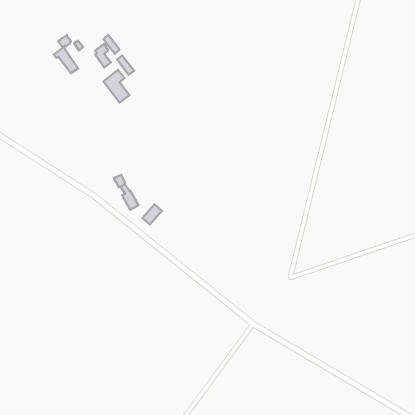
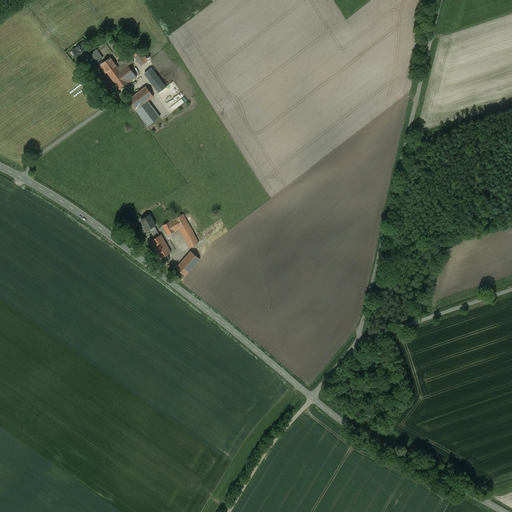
building: [54,47,78,73] -> [98,58,128,90]
building: none -> [162,215,202,249]

